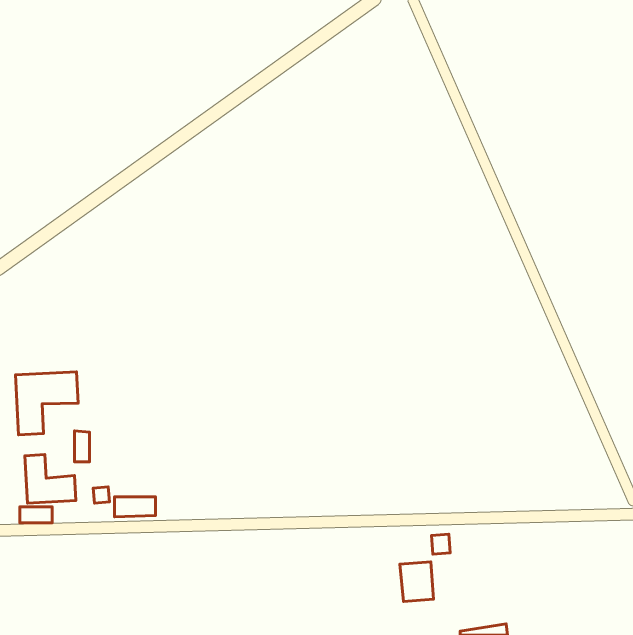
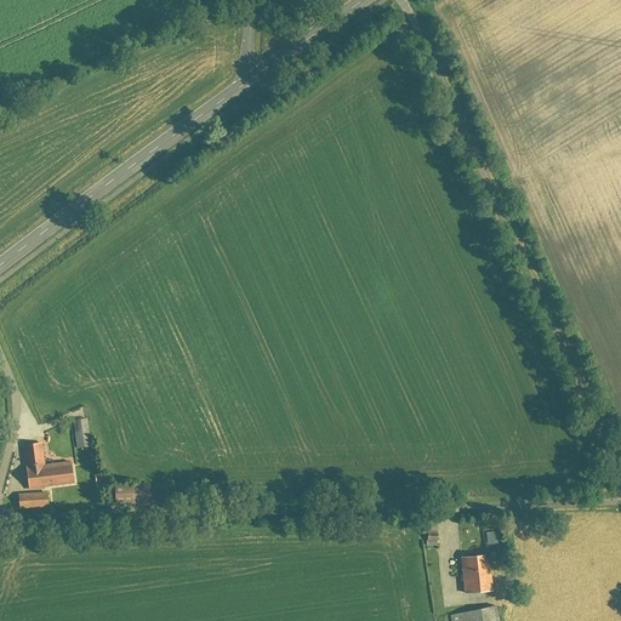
building: [16,372,78,435] -> none
building: [400,562,433,602] -> [460,553,492,592]

